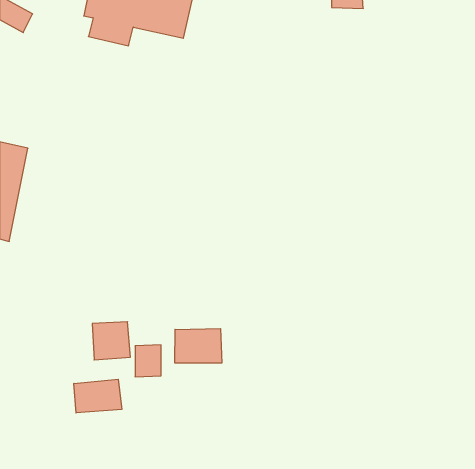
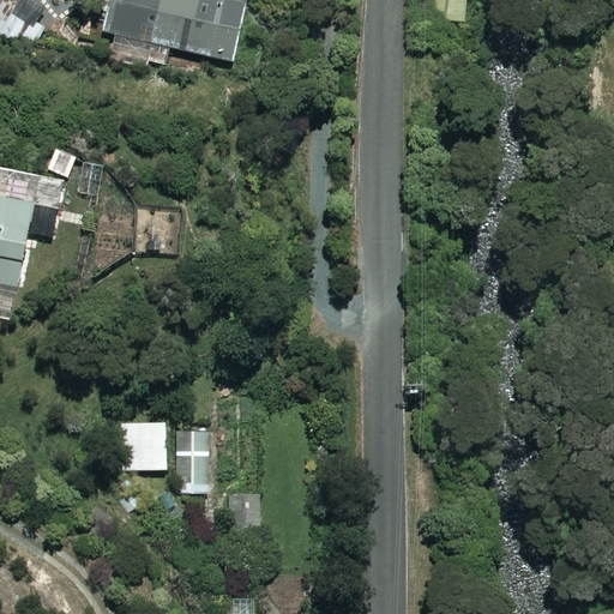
building: [175,329,222,363] -> none
building: [74,379,122,413] -> none

